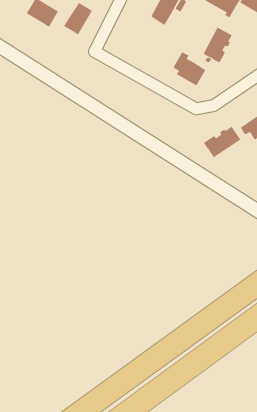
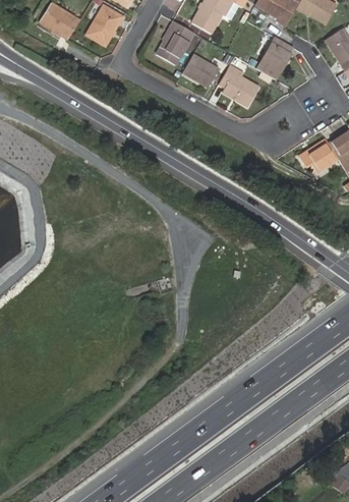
building: none -> [157,21,194,65]
building: none -> [182,54,218,87]
building: [203,126,241,158] -> none

